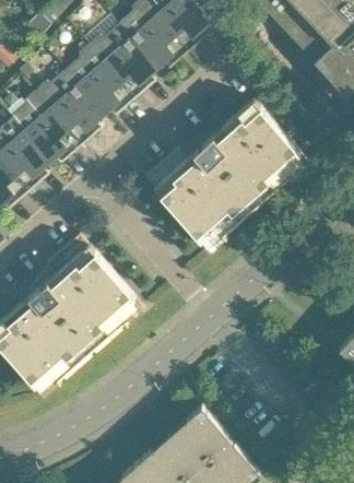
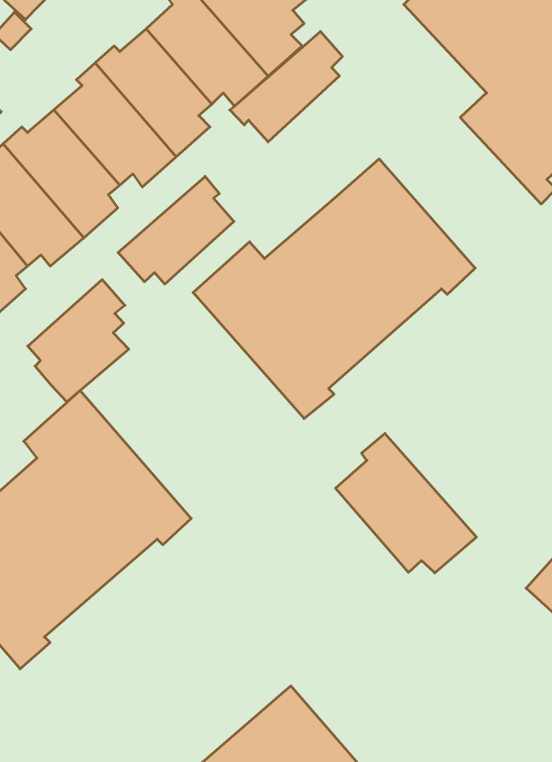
building: none -> [230,31,342,142]
building: none -> [118,176,234,284]
building: none -> [28,280,129,402]
building: none -> [336,433,476,573]

